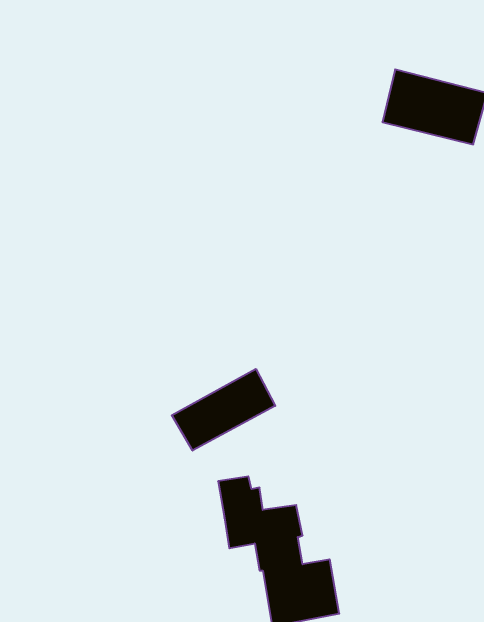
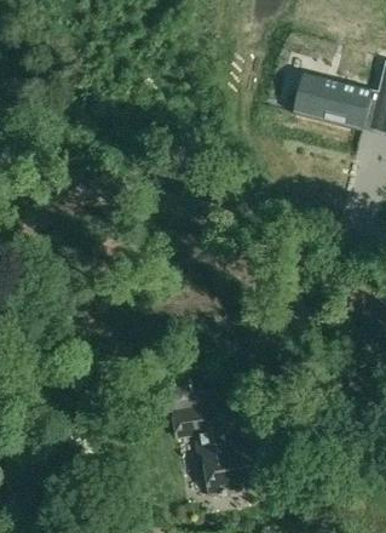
building: [172,369,275,451] -> none

